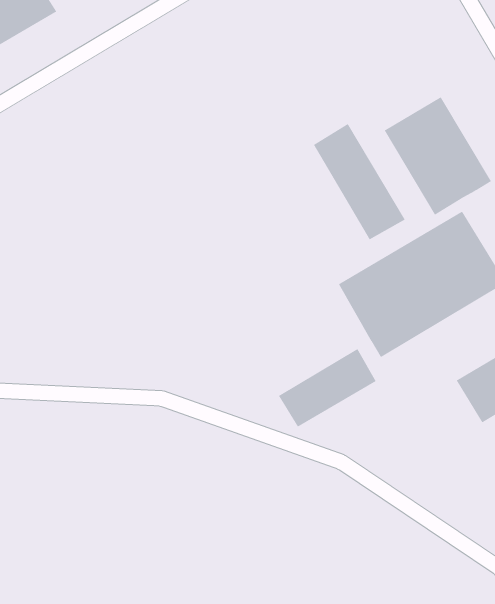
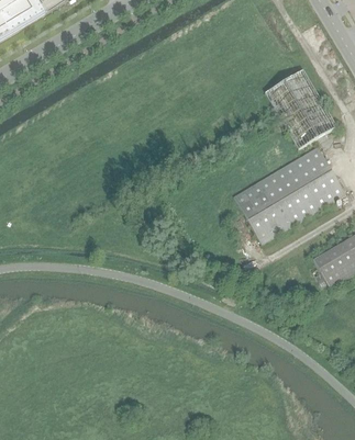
building: [313,123,405,240] -> none
building: [278,348,376,427] -> none

